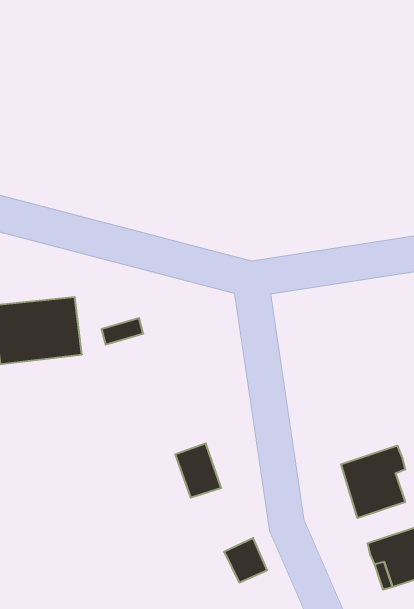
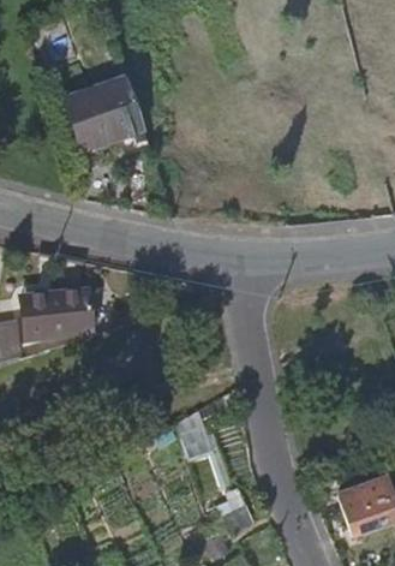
building: none -> [66,75,149,148]
building: [341,446,405,518] -> none

